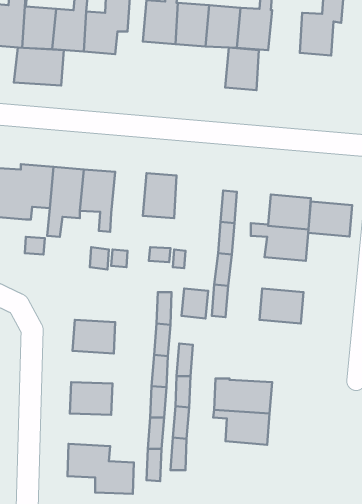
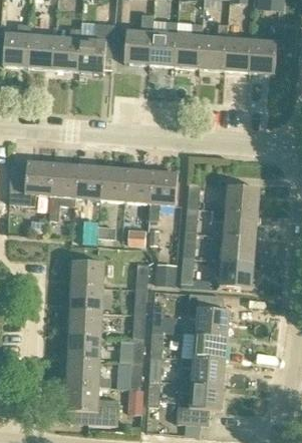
building: [225,47,259,90] -> [225,38,252,72]
building: [14,48,64,86] -> none
building: none -> [99,167,127,202]
building: none -> [148,170,177,220]
building: [308,201,352,236] -> [220,236,255,264]
building: none -> [70,261,104,288]
building: none -> [189,296,230,336]
building: none -> [67,311,101,337]
building: none -> [65,361,110,387]
building: none -> [173,383,224,424]

